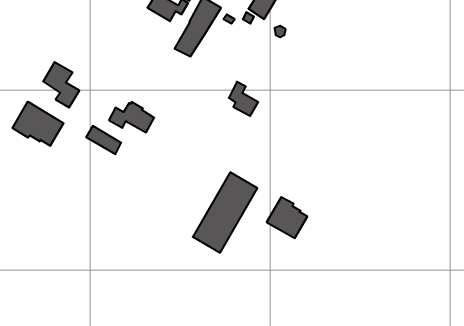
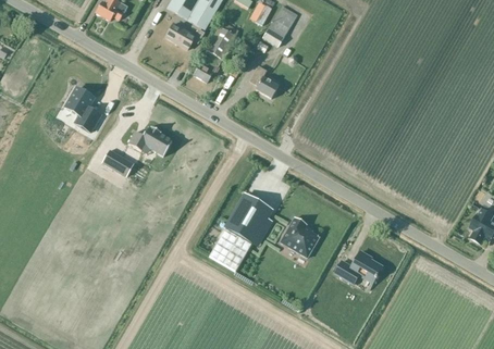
building: [229,82,258,116] -> [250,65,279,98]
building: [13,102,64,146] -> none
building: none -> [334,250,383,284]

